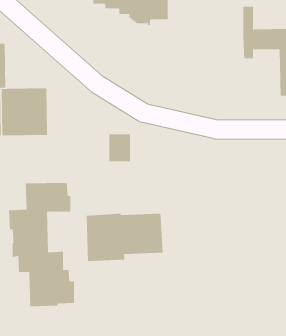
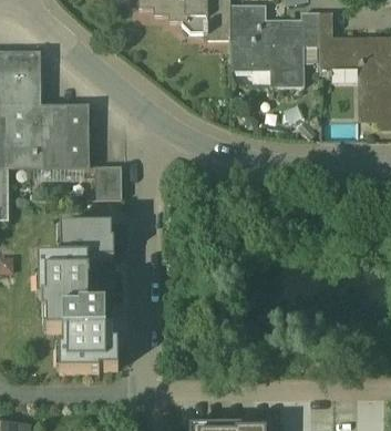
building: none -> [230,11,319,86]
building: [109,134,131,162] -> [95,165,122,198]
building: [86,213,163,262] -> none

